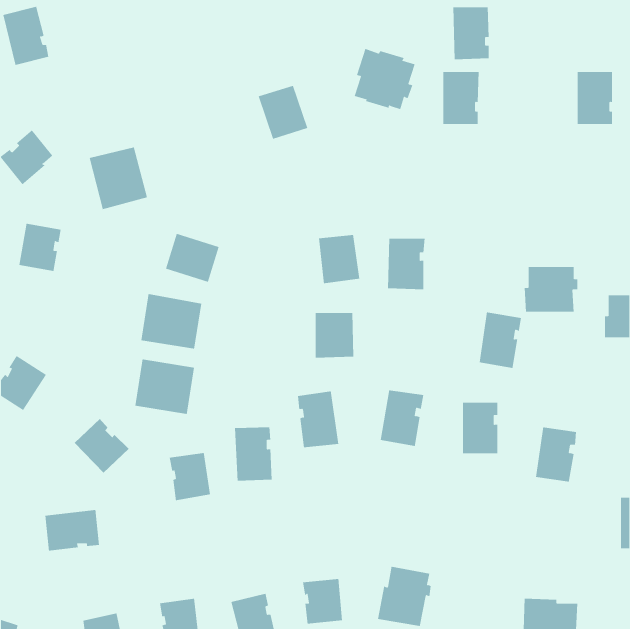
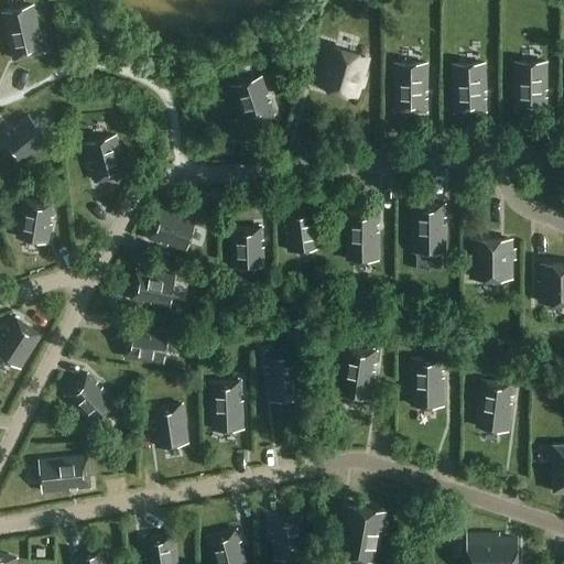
building: [453,7,490,60] -> [454,66,487,113]
building: [479,312,522,369] -> [412,203,451,253]
building: [315,312,354,358] -> [230,229,265,270]

